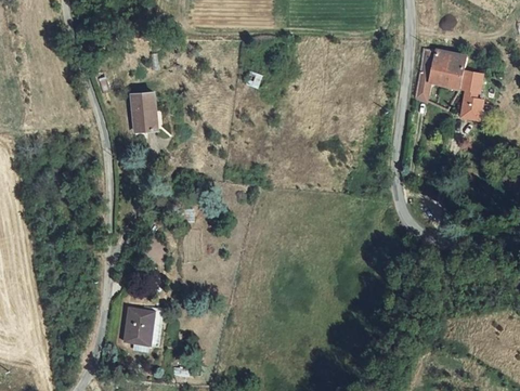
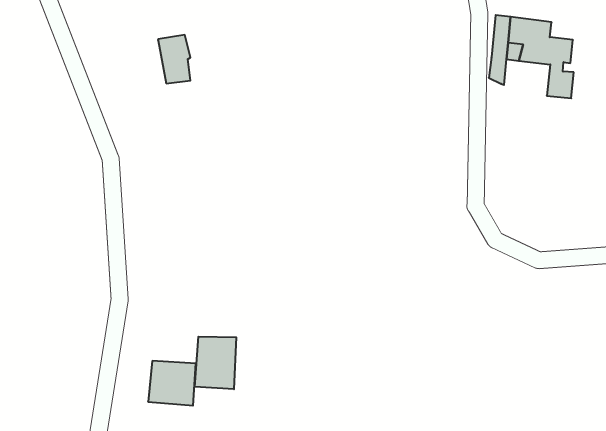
building: [132,93,157,131] -> [158,35,190,83]
building: none -> [195,337,236,389]

